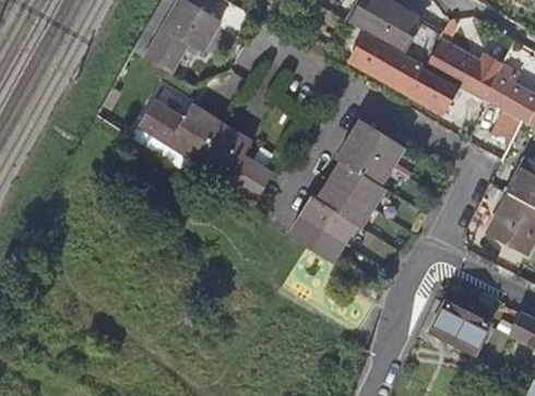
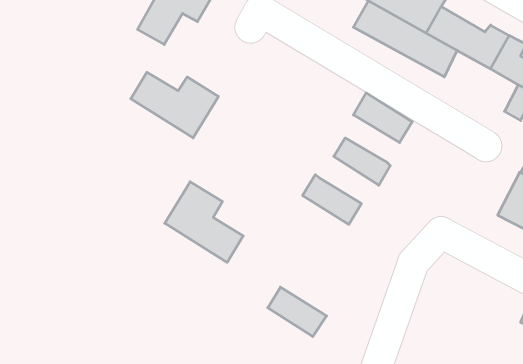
building: [198,121,272,197] -> [165,182,243,262]
building: [337,139,393,183] -> none
building: [318,178,373,226] -> none
building: [289,215,345,262] -> [268,287,327,337]
building: [431,303,489,352] -> none

